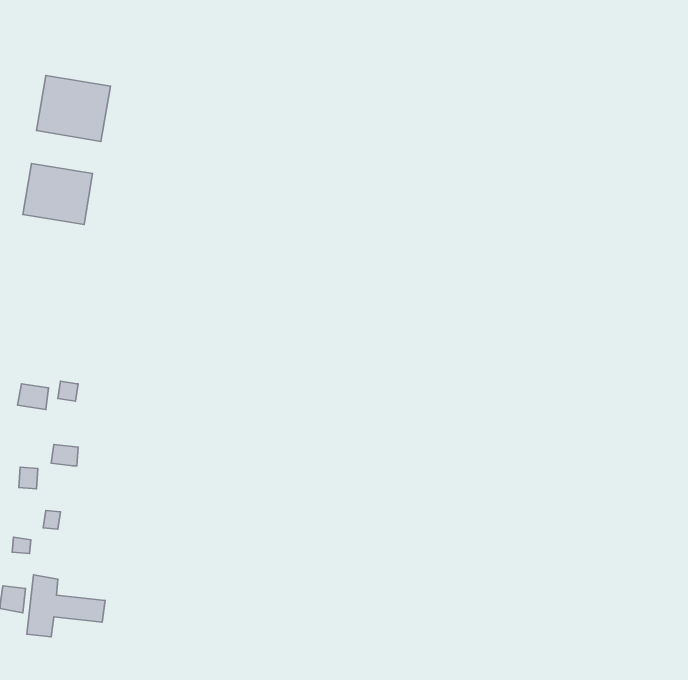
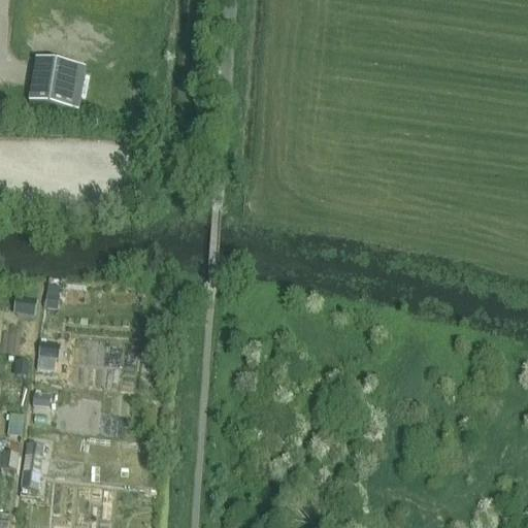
building: [23,163,93,225] -> none

